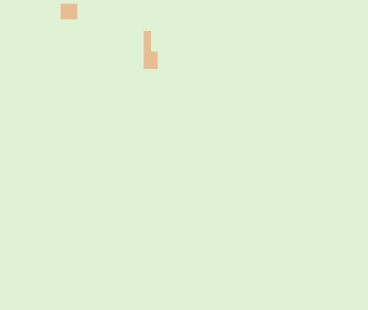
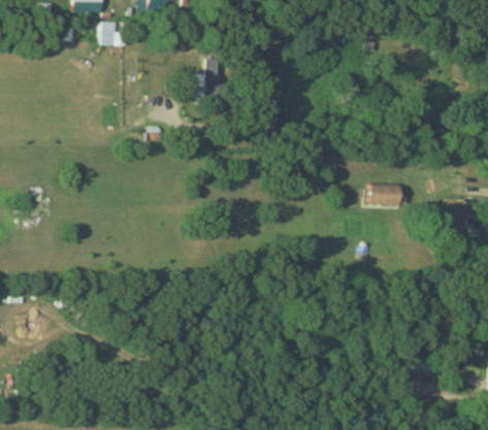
building: none -> [367,185,402,202]

